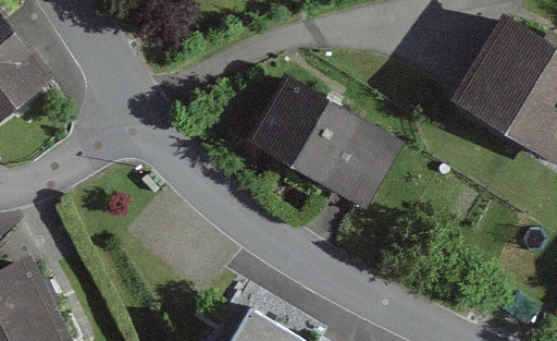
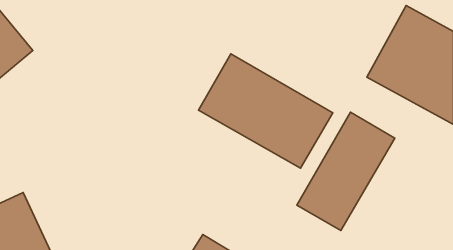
building: none -> [297,112,395,230]

